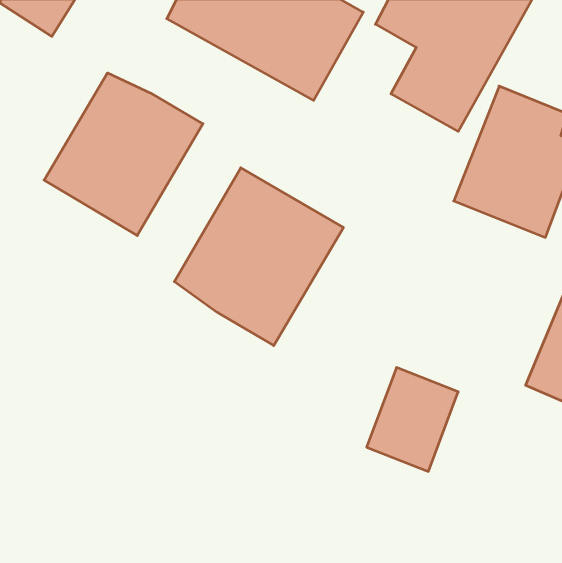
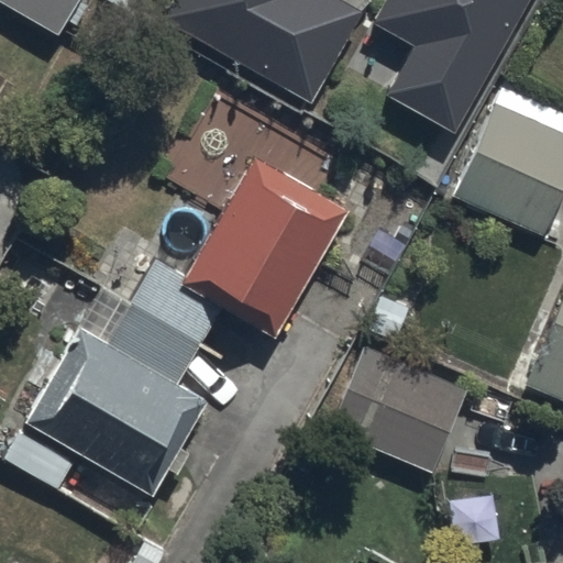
building: [44,73,203,236] -> none
building: none -> [27,264,219,497]

